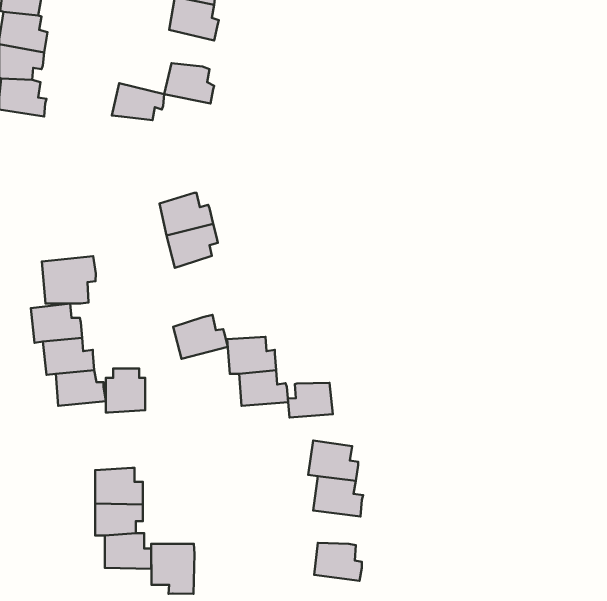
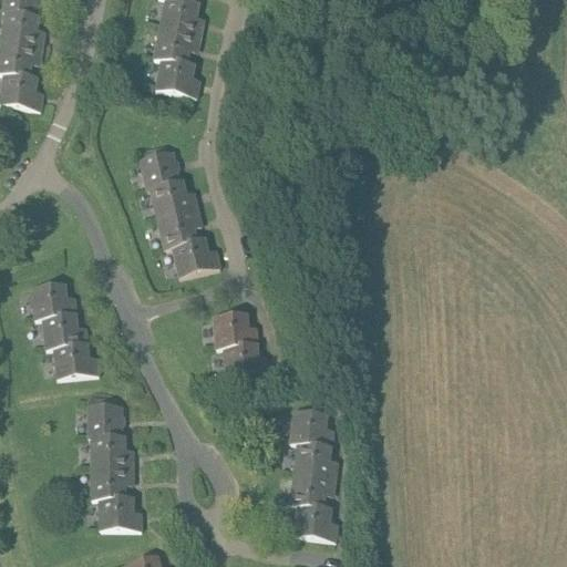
building: [112,83,164,120] -> [151,28,199,62]
building: none -> [137,150,181,190]
building: [42,256,96,304] -> none
building: [173,315,228,359] -> [169,236,220,277]
building: [106,368,145,412] -> [86,396,123,437]
building: [288,383,333,417] -> none
building: none -> [288,475,336,506]
building: [151,544,195,594] -> none

